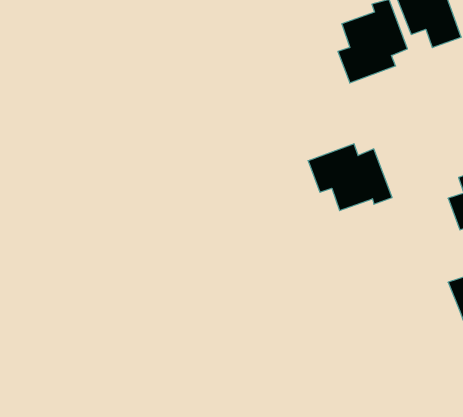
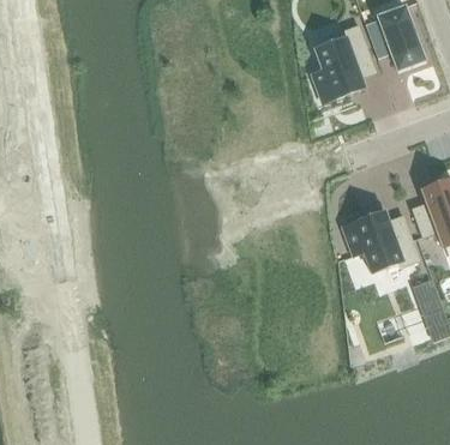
building: [308,144,392,211] -> [342,210,419,271]

